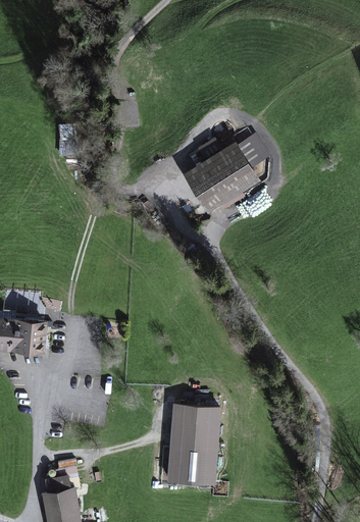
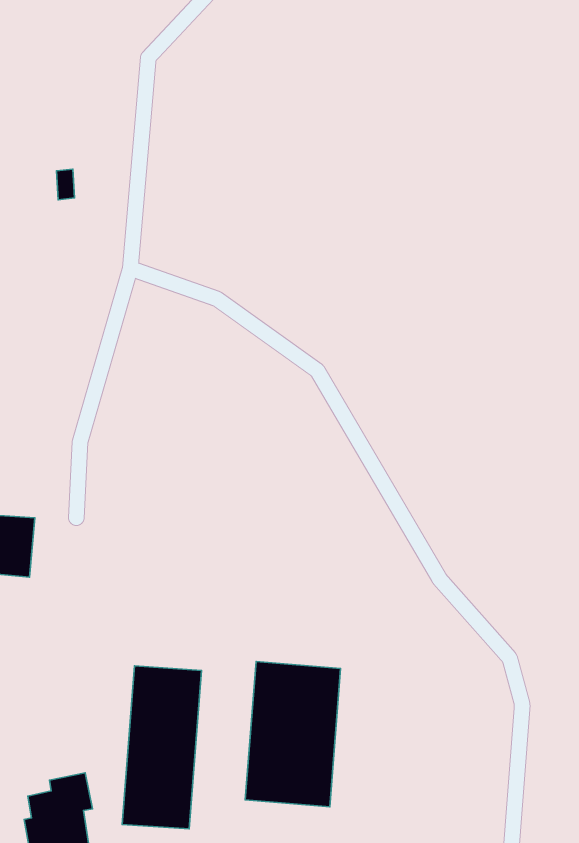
building: [184,141,261,214] -> none
building: none -> [122,666,201,829]

